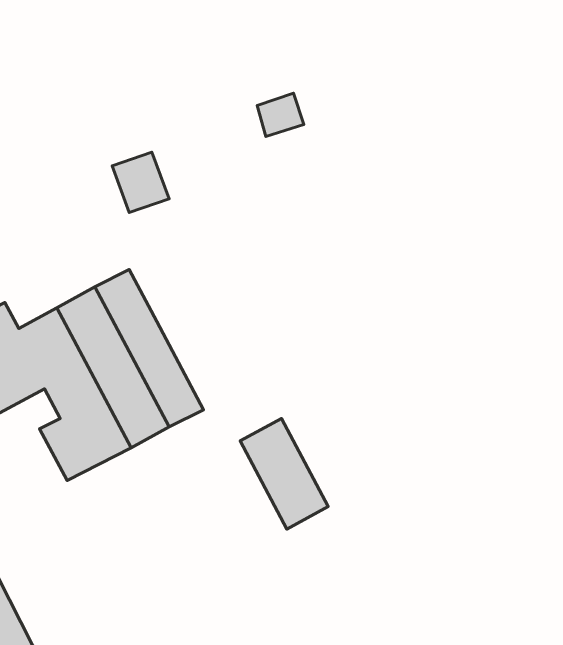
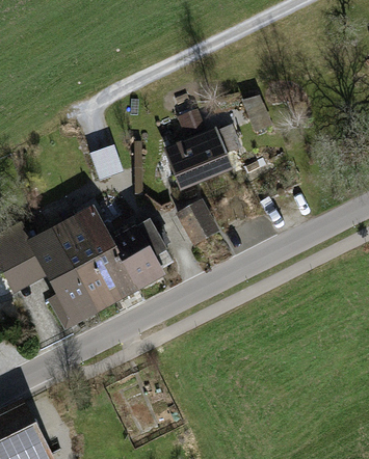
building: none -> [162,122,234,187]
building: none -> [175,194,220,242]
building: [240,418,328,529] -> [116,223,169,290]

